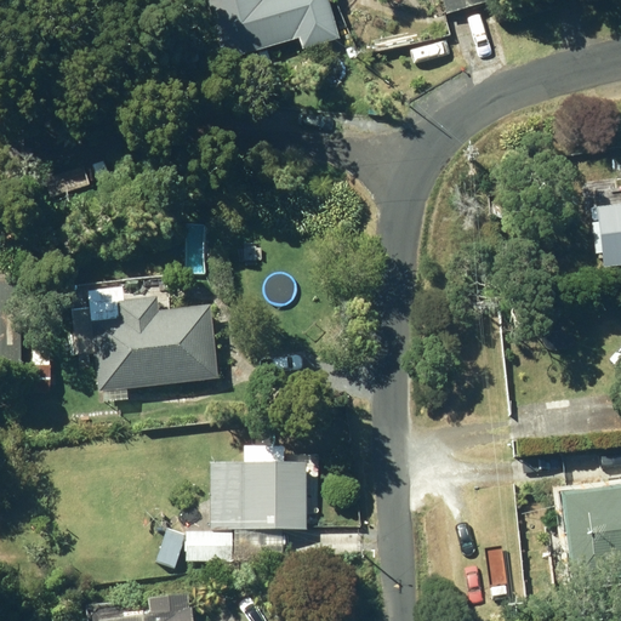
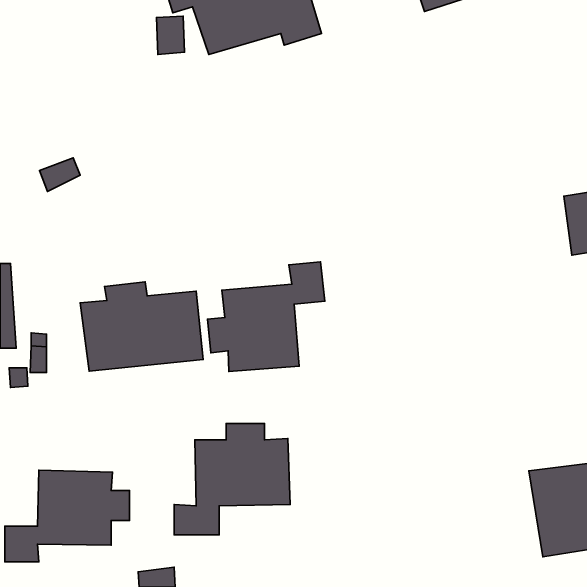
building: none -> [208,262,325,371]
building: none -> [5,470,129,562]

